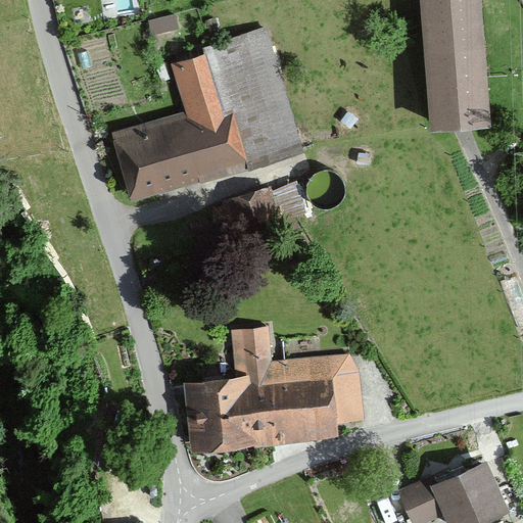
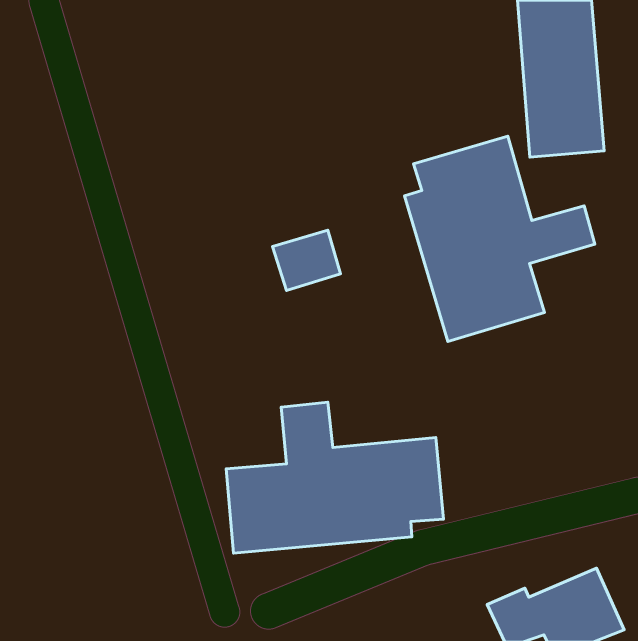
building: [112,29,298,201] -> none
building: none -> [405,136,595,341]

